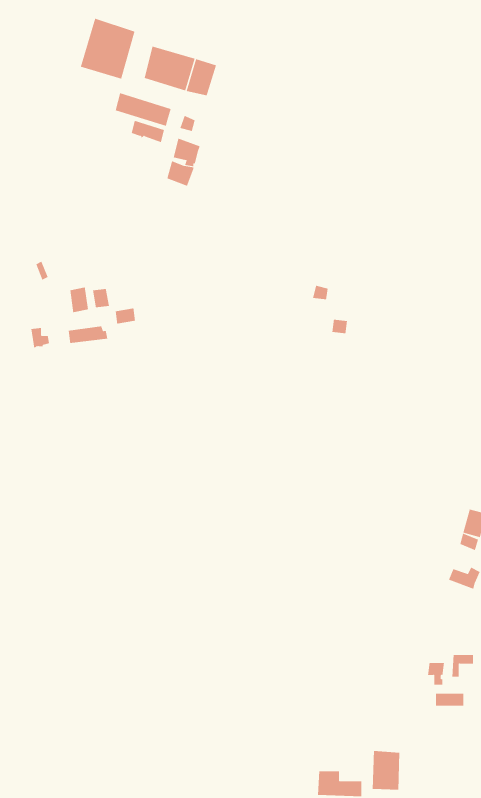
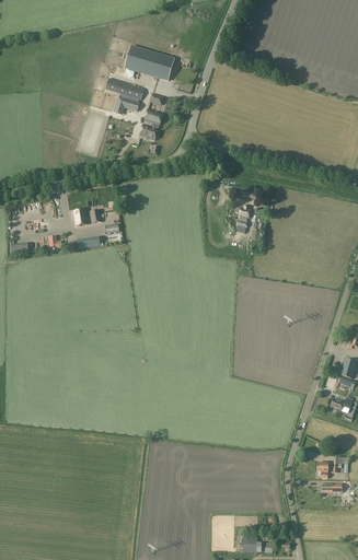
building: [80,18,135,79] -> none
building: [372,750,400,791] -> none

